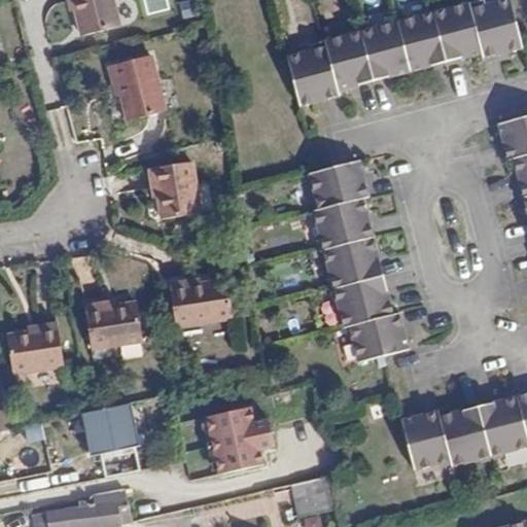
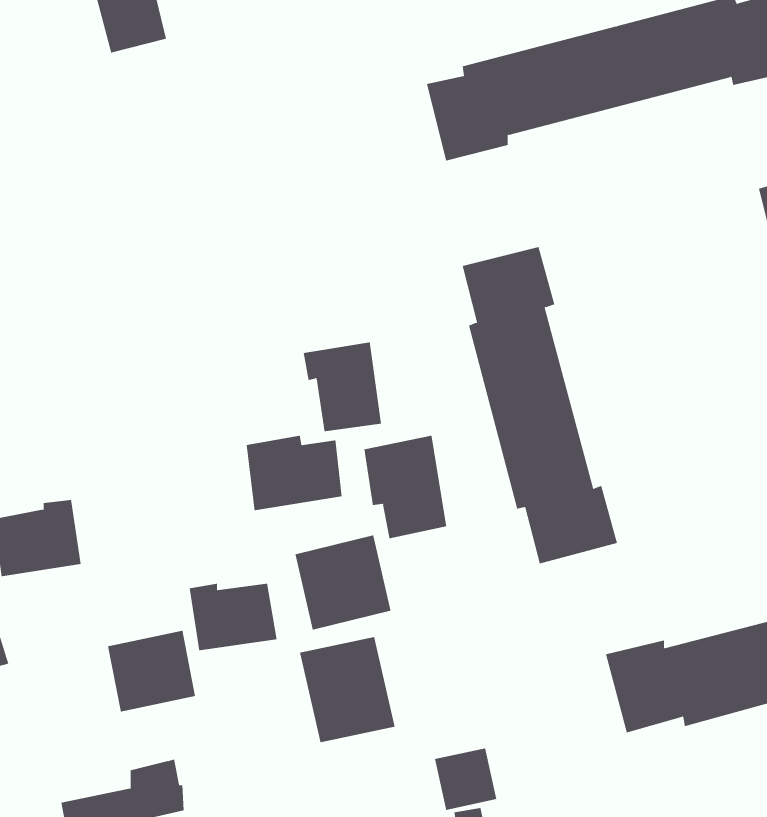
building: [110,58,164,121] -> none
building: [149,164,200,221] -> [303,342,382,432]
building: none -> [364,435,447,539]
building: [89,301,145,344] -> [189,583,277,651]
building: none -> [295,534,391,631]

